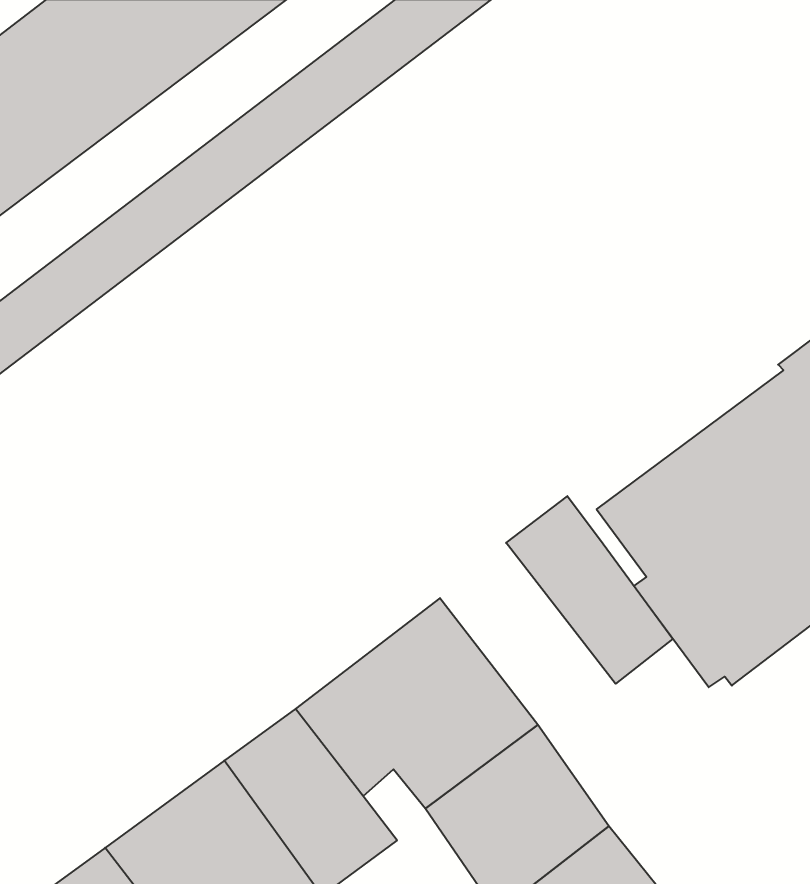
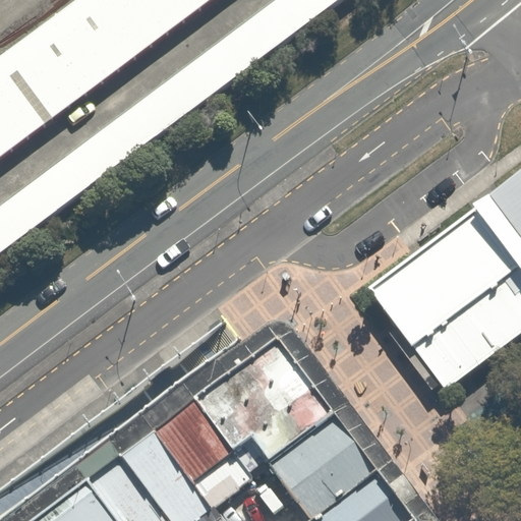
building: [506,496,673,684] -> none

